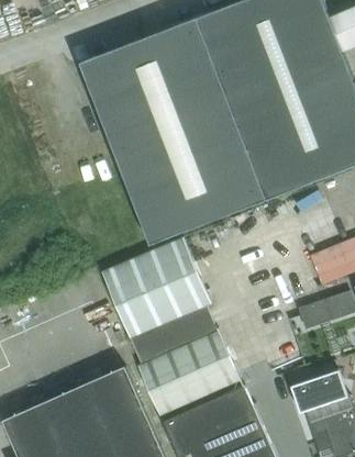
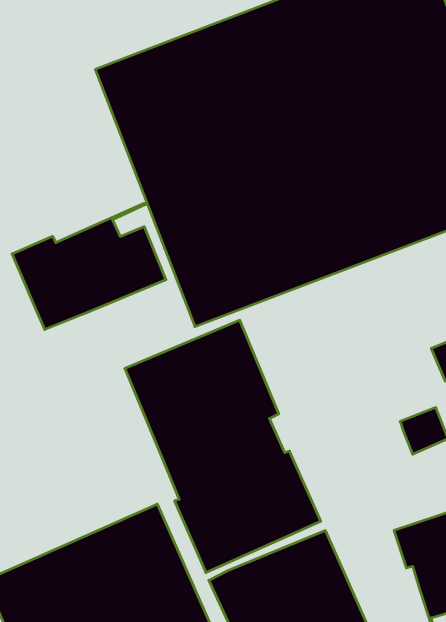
building: none -> [12,203,166,330]

